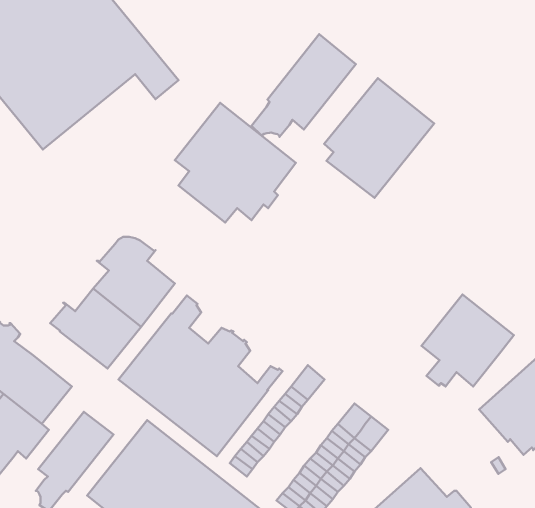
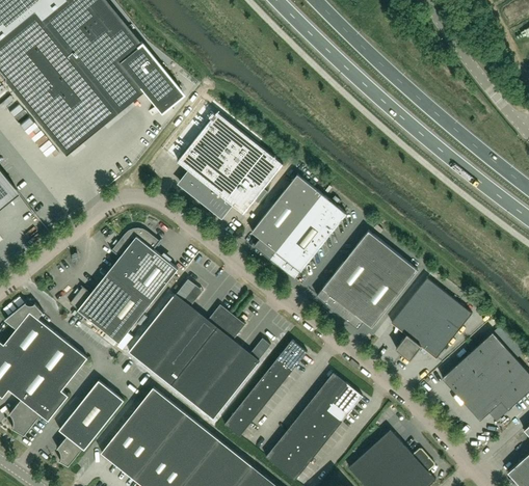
building: [251,34,356,137] -> none
building: [324,78,434,198] -> [250,176,346,279]
building: none -> [316,233,417,330]

